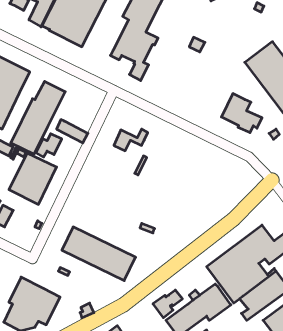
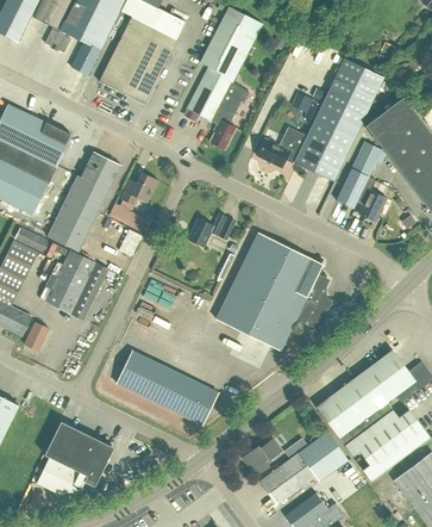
building: none -> [255,58,382,181]
building: none -> [350,142,383,176]
building: [36,134,62,157] -> [120,173,156,205]
building: none -> [214,232,330,351]

